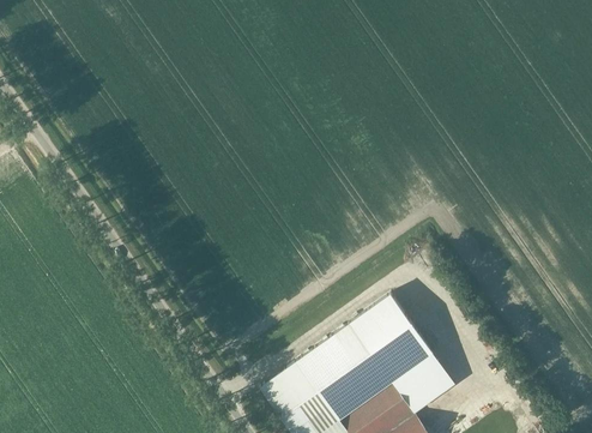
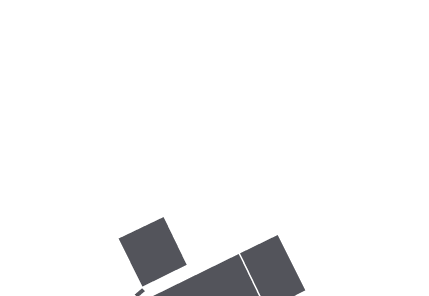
building: none -> [118,216,188,287]

